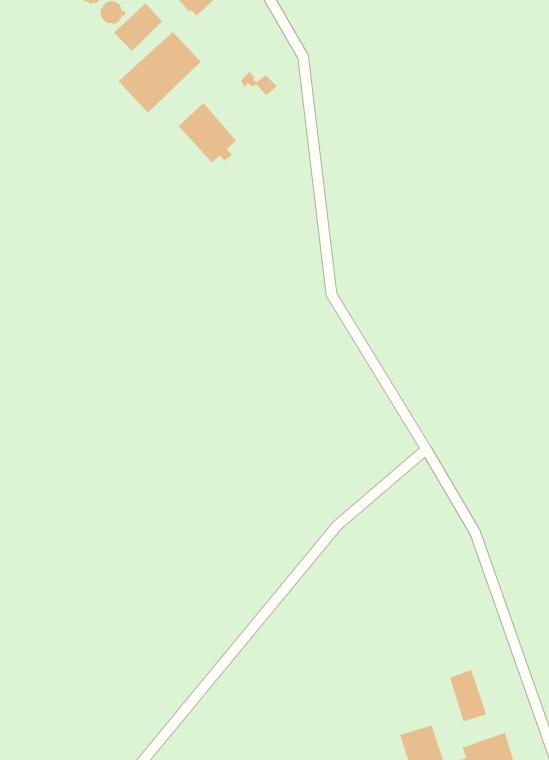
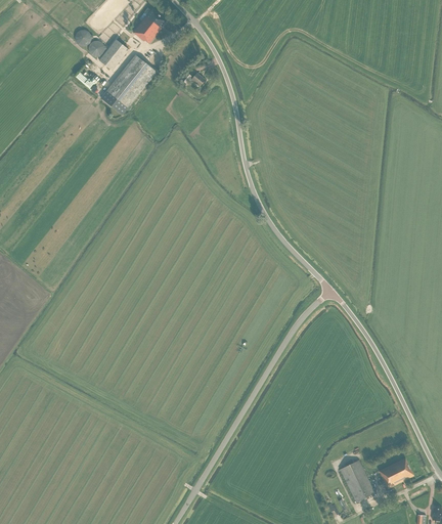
building: [178,102,237,163] -> none
building: [449,669,487,722] -> none

